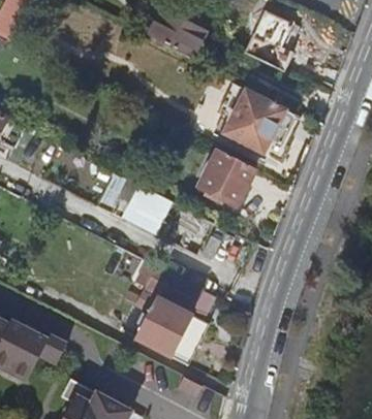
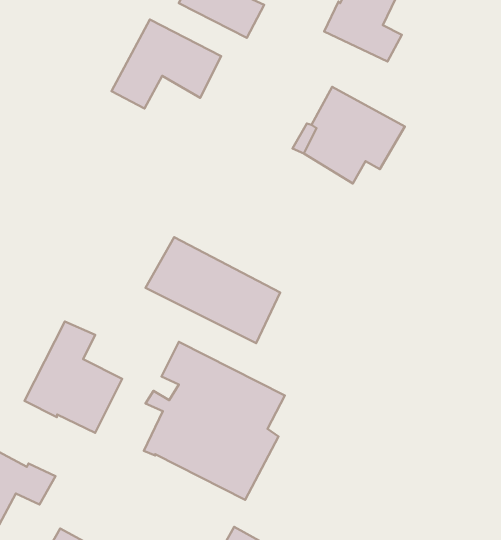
building: none -> [112,20,221,108]
building: [197,148,253,204] -> none
building: none -> [25,321,122,433]

